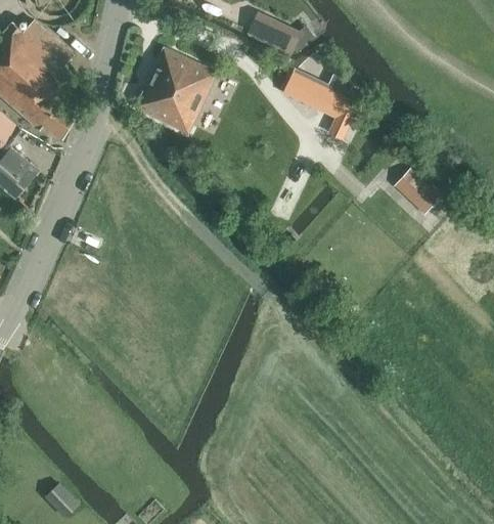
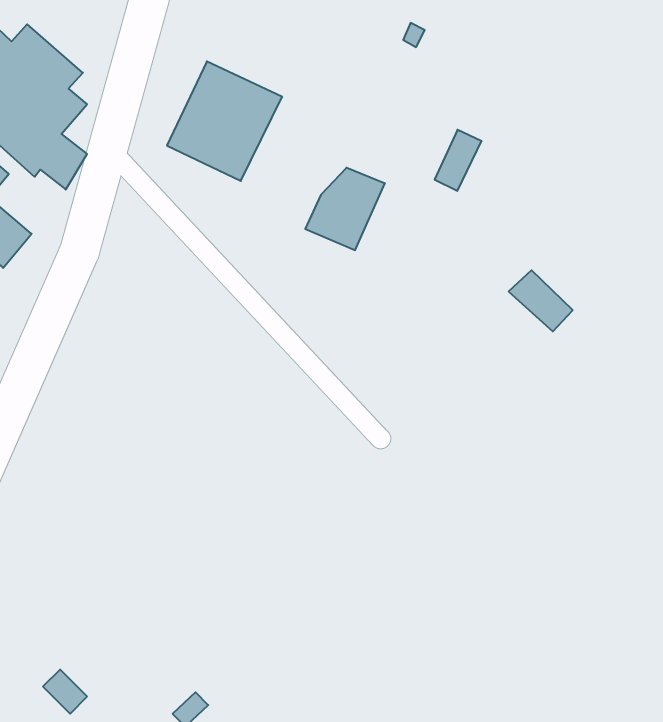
building: [248,12,300,52] -> none
building: [280,53,338,113] -> [305,168,385,250]
building: [394,168,440,212] -> [509,270,573,331]

